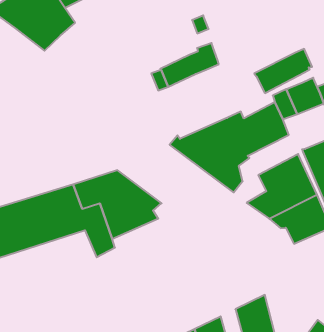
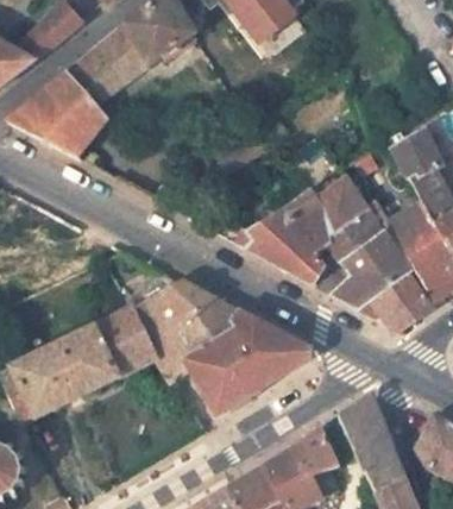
building: [254,49,312,93] -> [325,205,389,262]
building: none -> [185,310,307,414]

